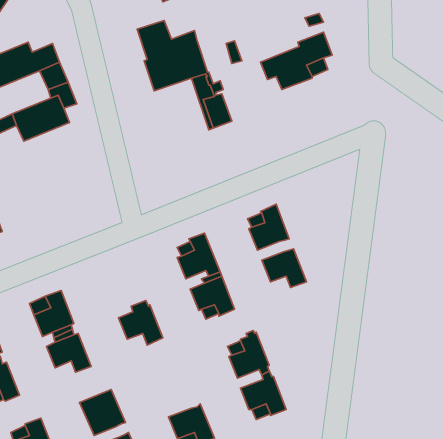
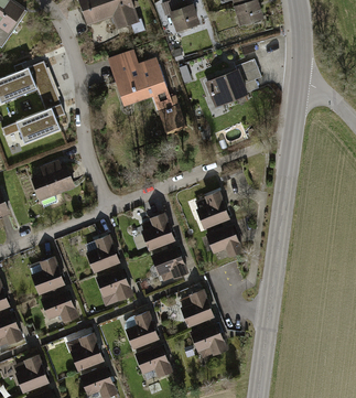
building: none -> [32,162,74,207]
building: none -> [87,236,118,271]
building: none -> [127,312,158,347]

